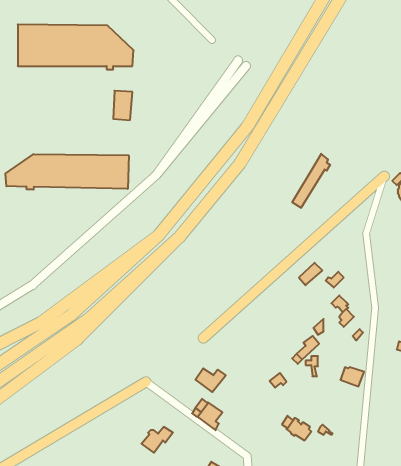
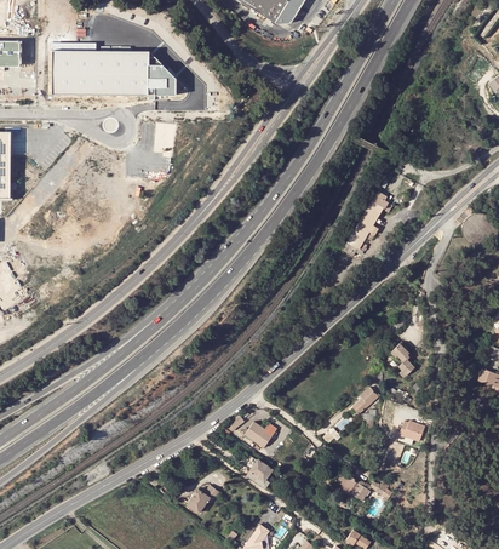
building: [6,154,129,190] -> none

